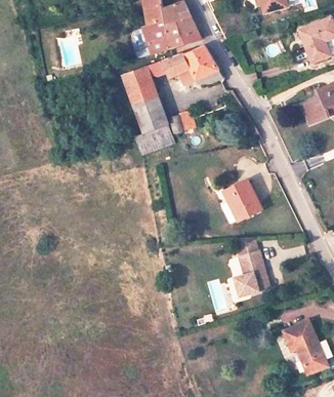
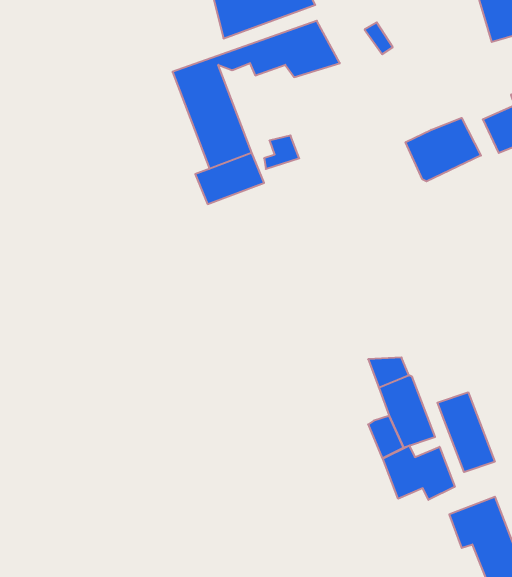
building: none -> [406,118,481,181]
building: [224,181,261,221] -> none
building: none -> [437,392,495,472]
building: none -> [383,445,455,500]

